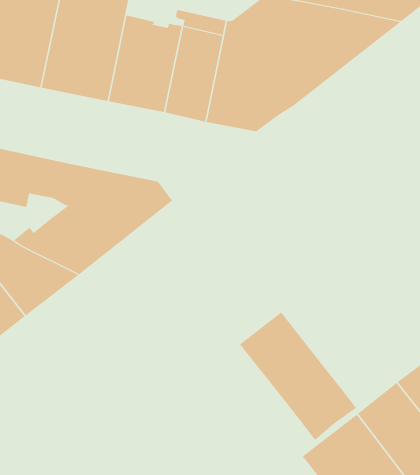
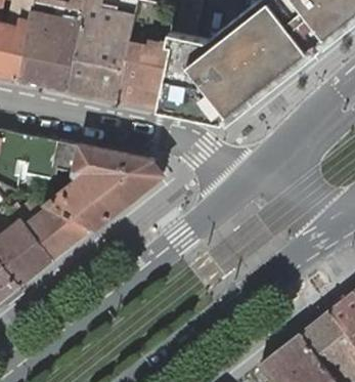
building: [239,311,357,441] -> none

